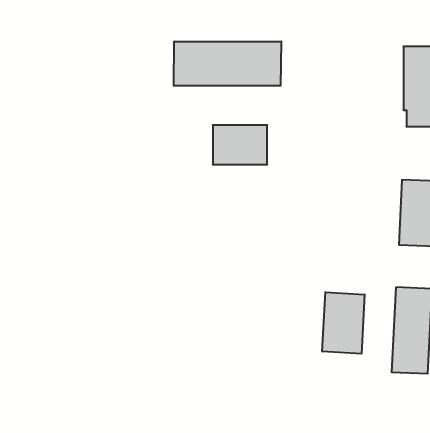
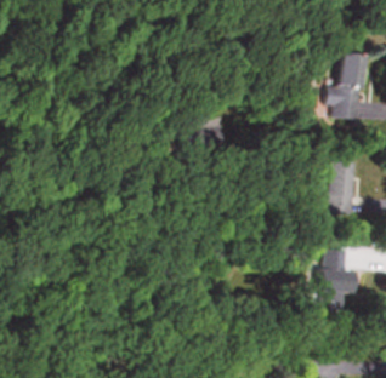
building: [174,41,281,86] -> none
building: [322,292,365,354] -> none

